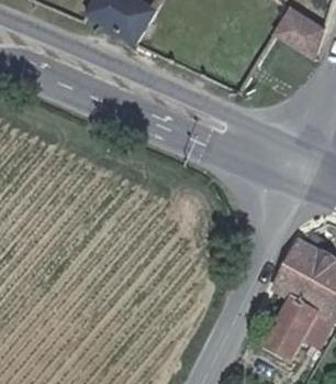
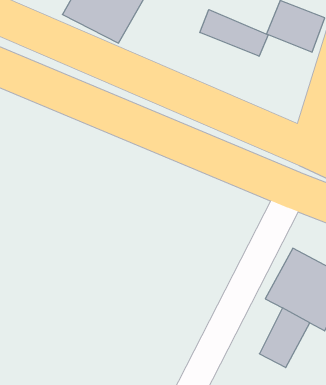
building: none -> [200,10,268,56]

